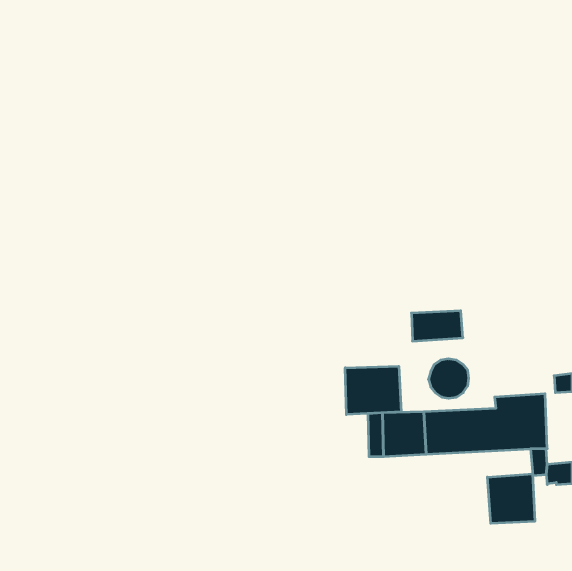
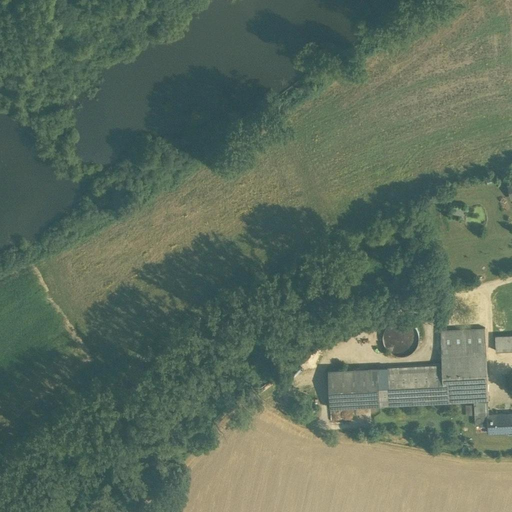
building: [411,311,463,341] -> [440,329,486,356]
building: [345,366,401,415] -> none
building: [487,474,535,523] -> none

